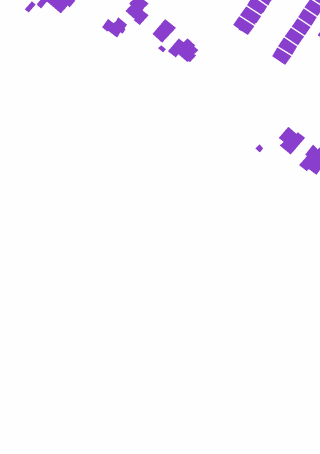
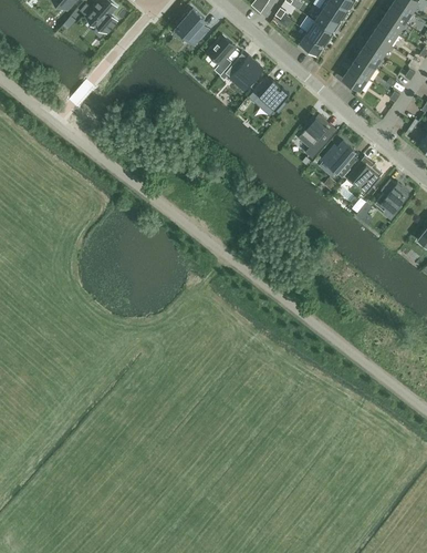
building: [101,16,128,43] -> none
building: none -> [248,76,289,113]
building: none -> [298,114,334,158]
building: none -> [323,141,354,177]

